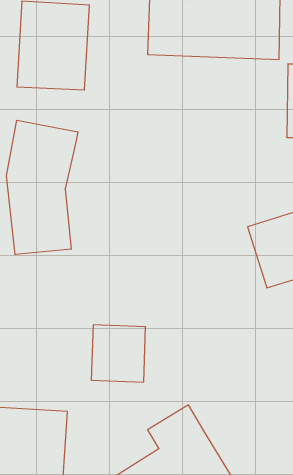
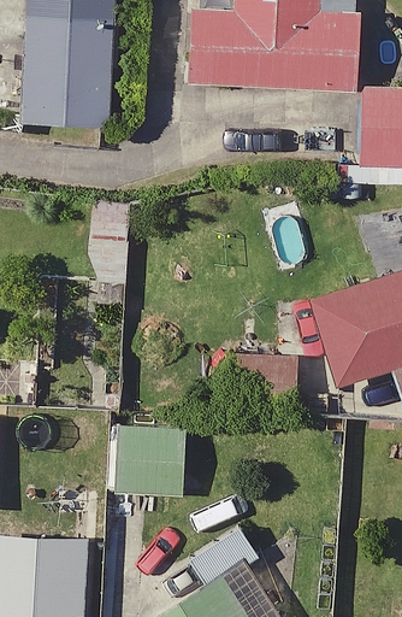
building: [6,120,78,255] -> none

